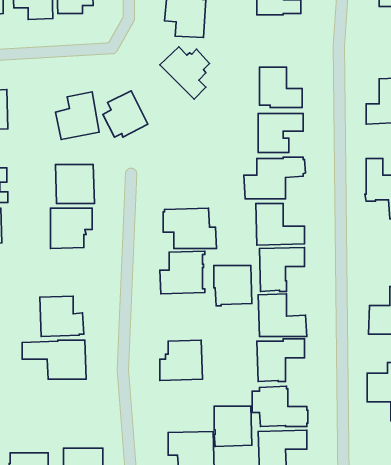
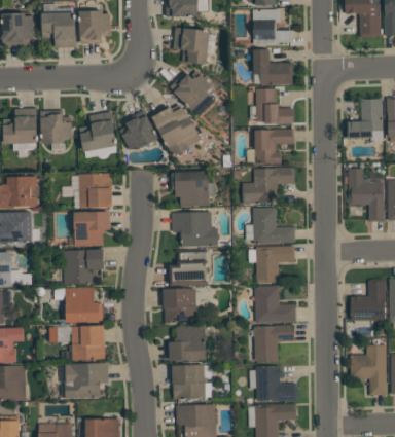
building: none -> [253,49,293,85]
building: none -> [151,104,202,157]
building: none -> [40,110,72,144]
building: none -> [171,172,209,206]
building: none -> [63,249,104,285]
building: [214,265,252,306] -> [163,289,195,324]
building: none -> [64,363,108,399]
building: [214,406,252,446] -> [172,365,205,400]

